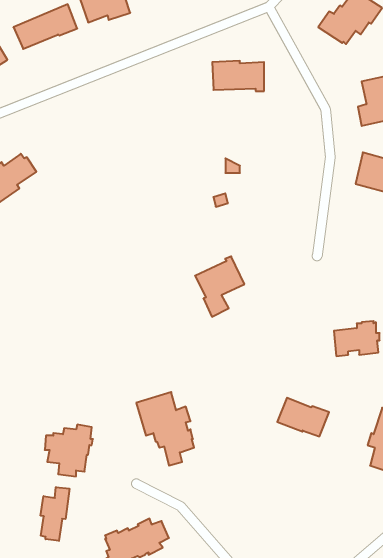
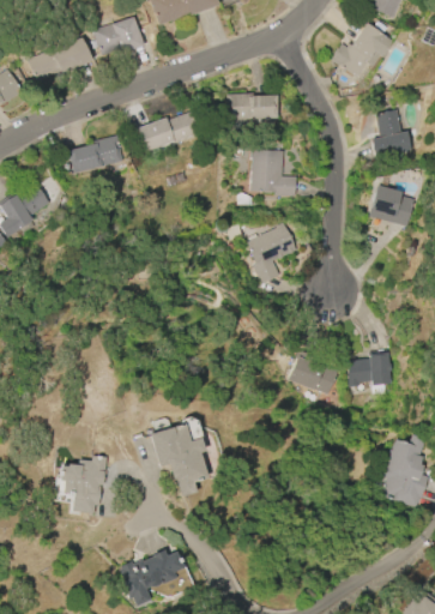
building: none -> [137,112,200,154]
building: none -> [70,136,123,173]
building: none -> [252,151,297,197]
building: [195,256,244,317] -> [247,223,296,283]
building: [277,398,329,436] -> [290,356,342,395]
building: [41,487,69,541] -> none

